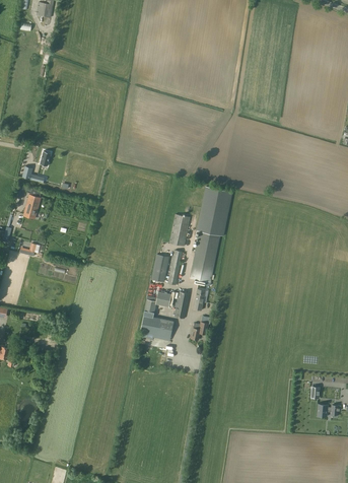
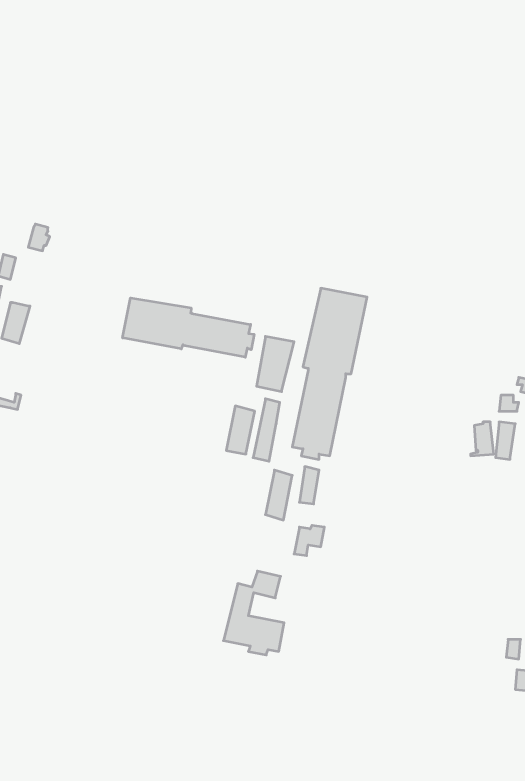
building: none -> [123,298,254,357]
building: [139,291,173,339] -> [223,571,284,655]

